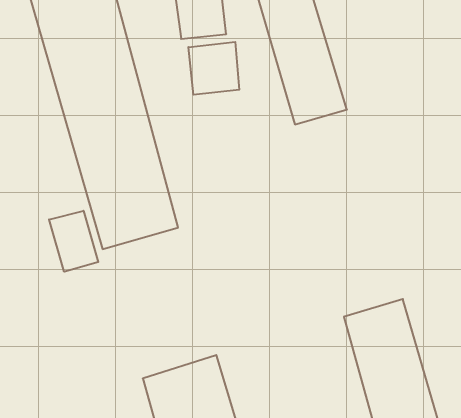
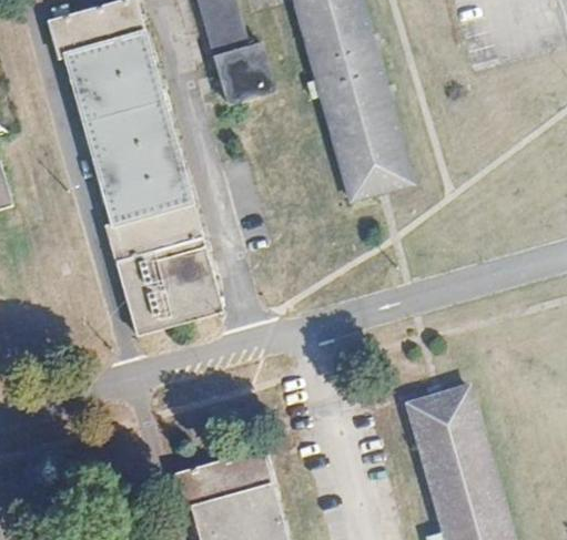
building: [188,42,239,95] -> none
building: [49,211,98,272] -> none

